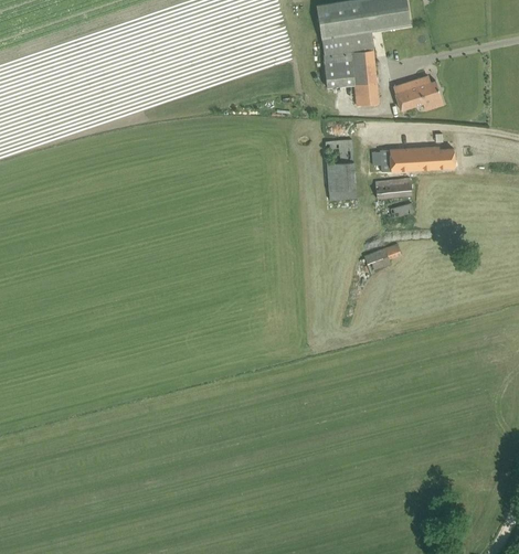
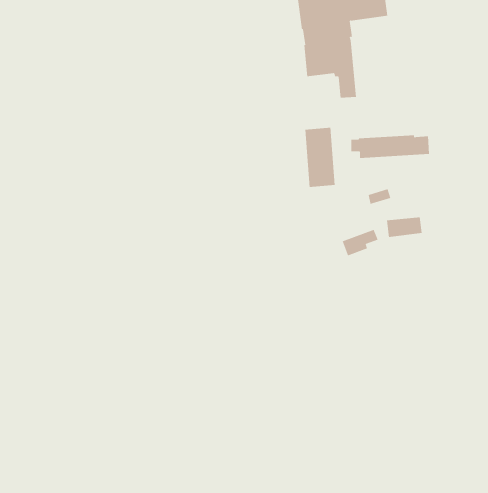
building: [393,76,443,109] -> none
building: [374,178,412,199] -> [386,217,423,237]

